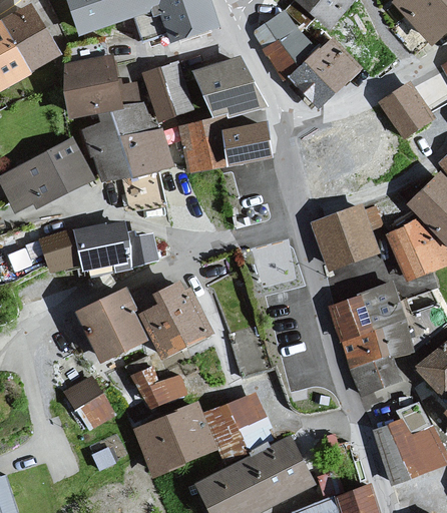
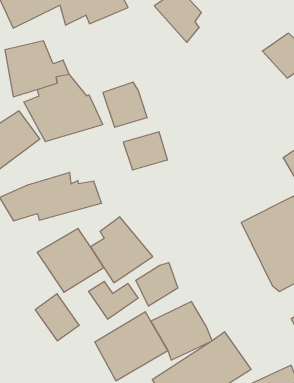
building: [287,38,363,107] -> none
building: [195,56,261,119] -> none
building: [141,61,194,122] -> none
building: [220,122,272,164] -> [123,132,168,170]
building: [308,204,379,272] -> none
building: none -> [136,263,178,306]

